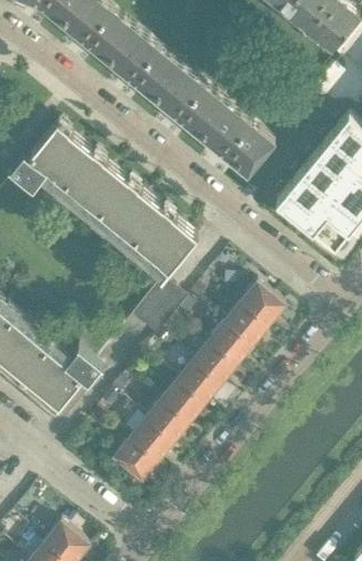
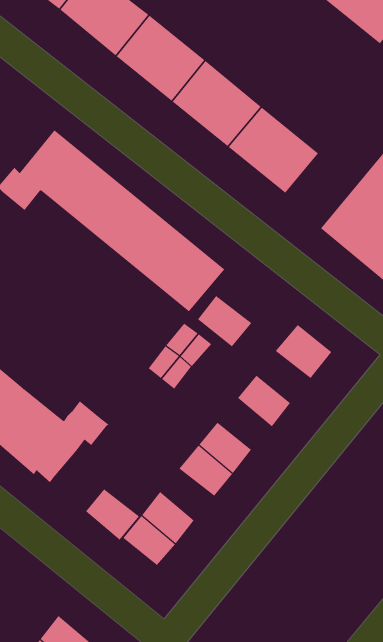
building: [222,306,267,348] -> [197,295,252,347]
building: [190,344,235,387] -> none
building: [143,402,188,445] -> [85,488,140,541]

